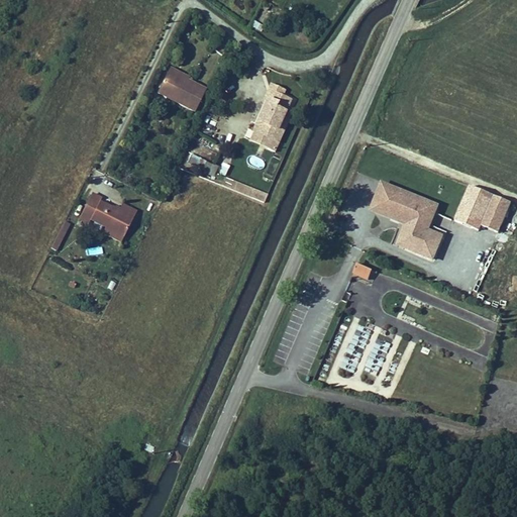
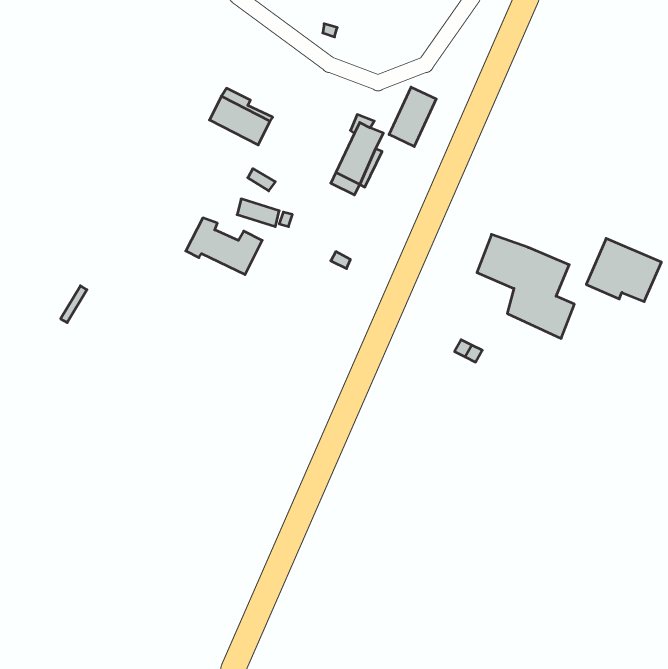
building: none -> [389,87,436,147]
building: [80,194,138,237] -> [186,218,262,275]

